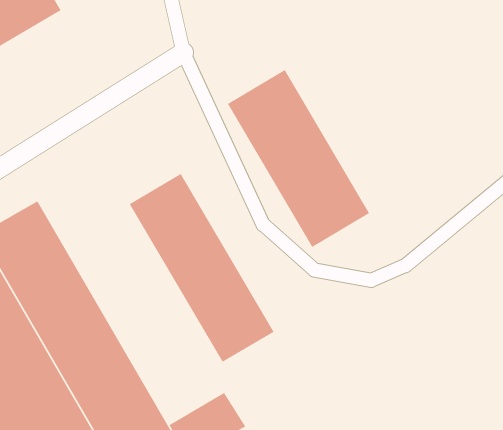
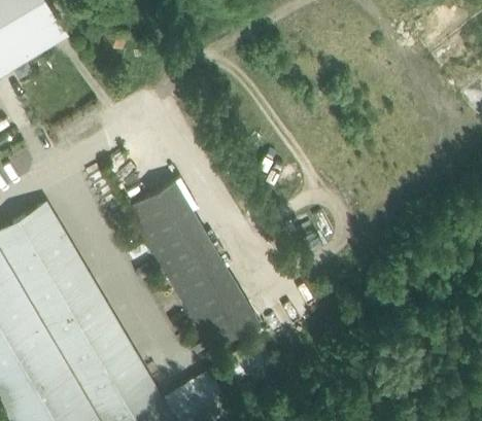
building: [227,69,370,248] -> none

